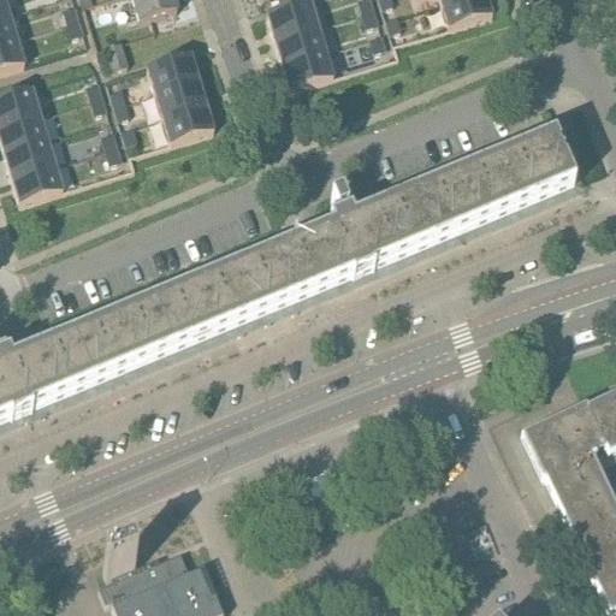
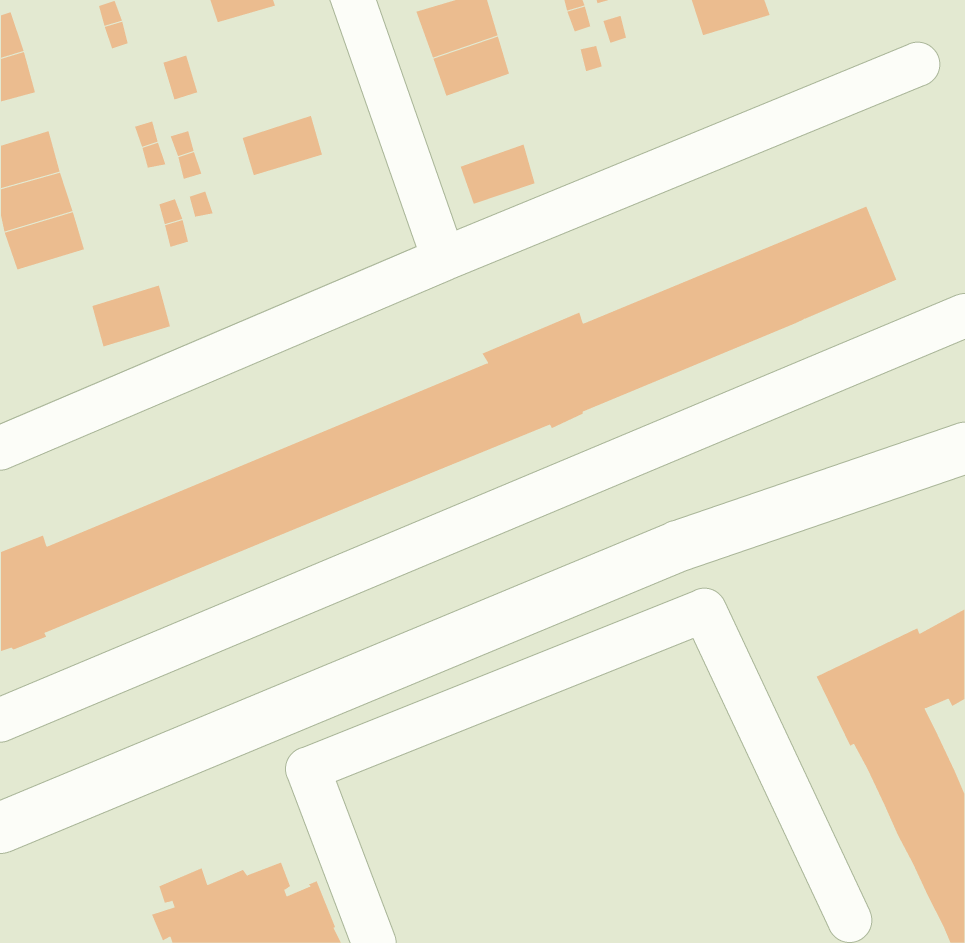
building: [284,47,332,85] -> [460,144,535,204]
building: [146,48,199,88] -> none
building: [161,99,213,138] -> none
building: [11,159,61,199] -> [91,285,171,347]

